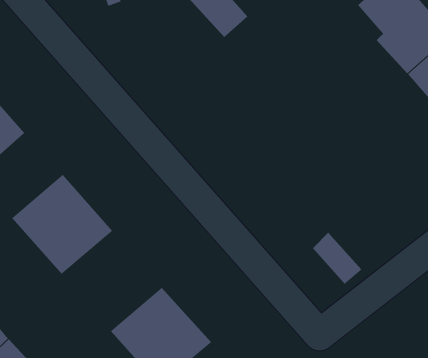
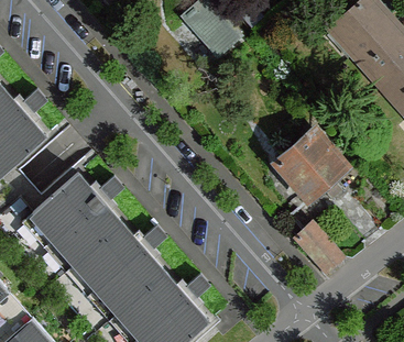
building: none -> [275,132,343,199]
building: none -> [76,224,164,312]

